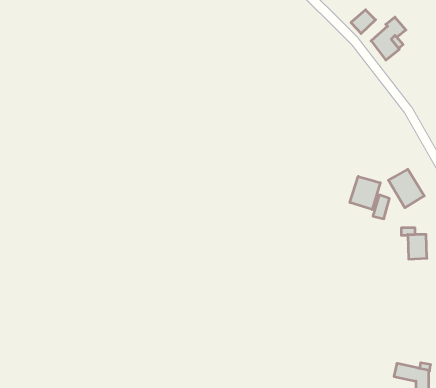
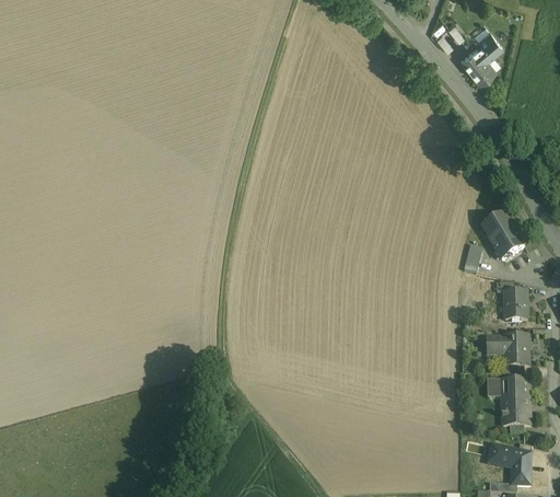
building: [350,176,380,210] -> none
building: none -> [486,334,528,366]
building: none -> [487,379,530,426]

